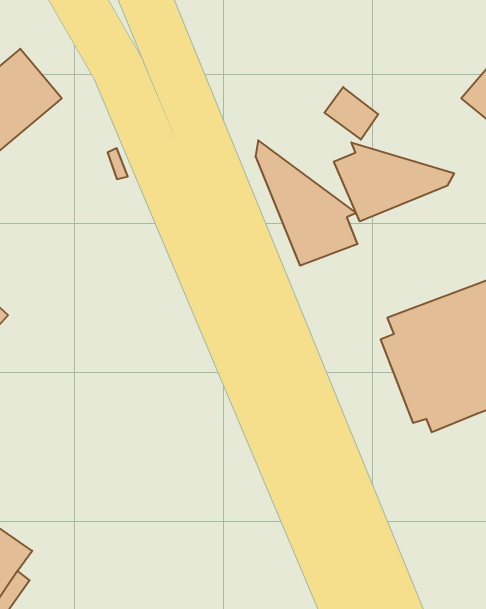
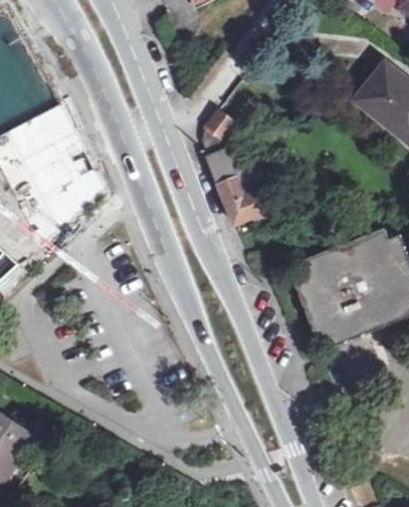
building: [324,87,378,140] -> [199,109,239,149]
building: [334,142,454,221] -> none

